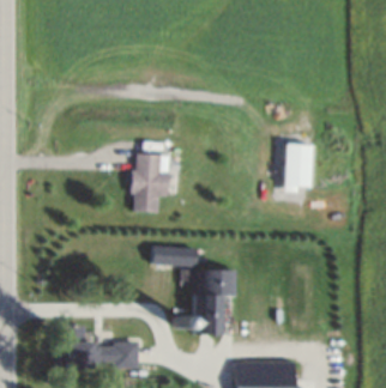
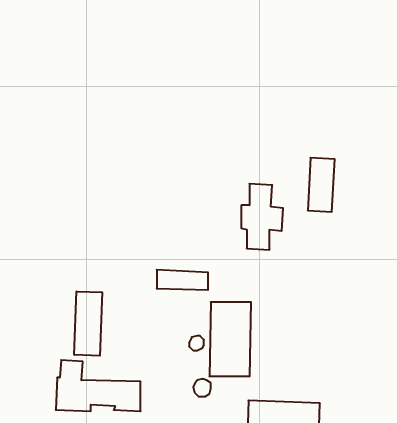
building: [132,154,169,213] -> [241,184,283,250]
building: none -> [74,291,102,356]

